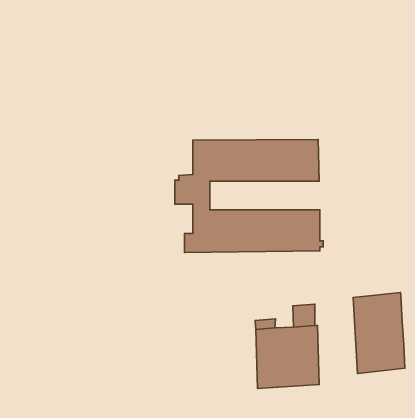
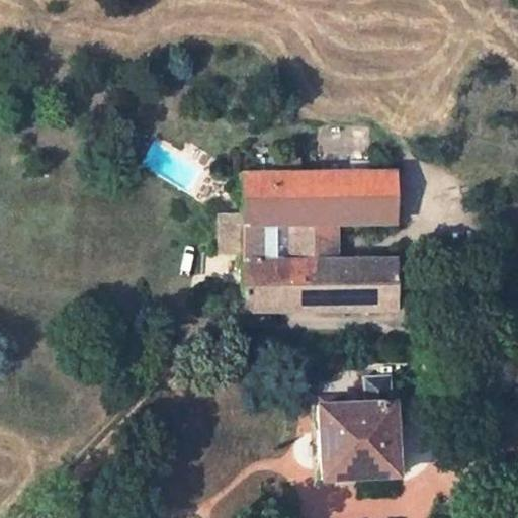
building: none -> [289,224,341,259]
building: [353,292,405,374] -> none

